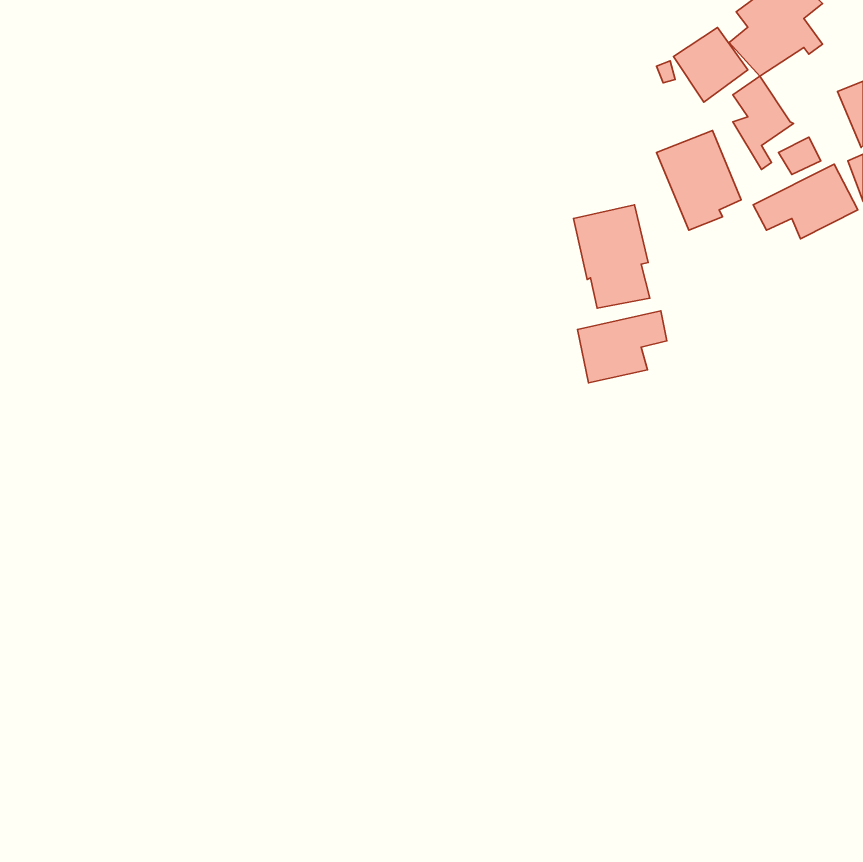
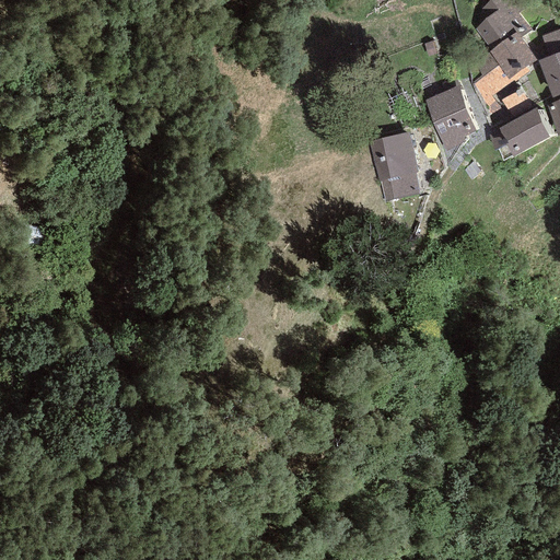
building: [673,28,748,102] -> [491,31,539,79]
building: [577,311,667,383] -> none

